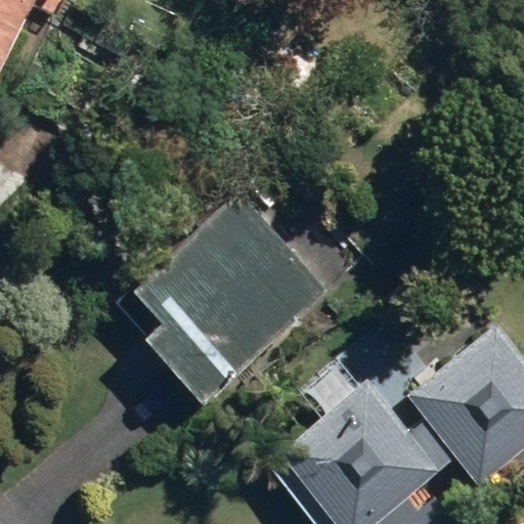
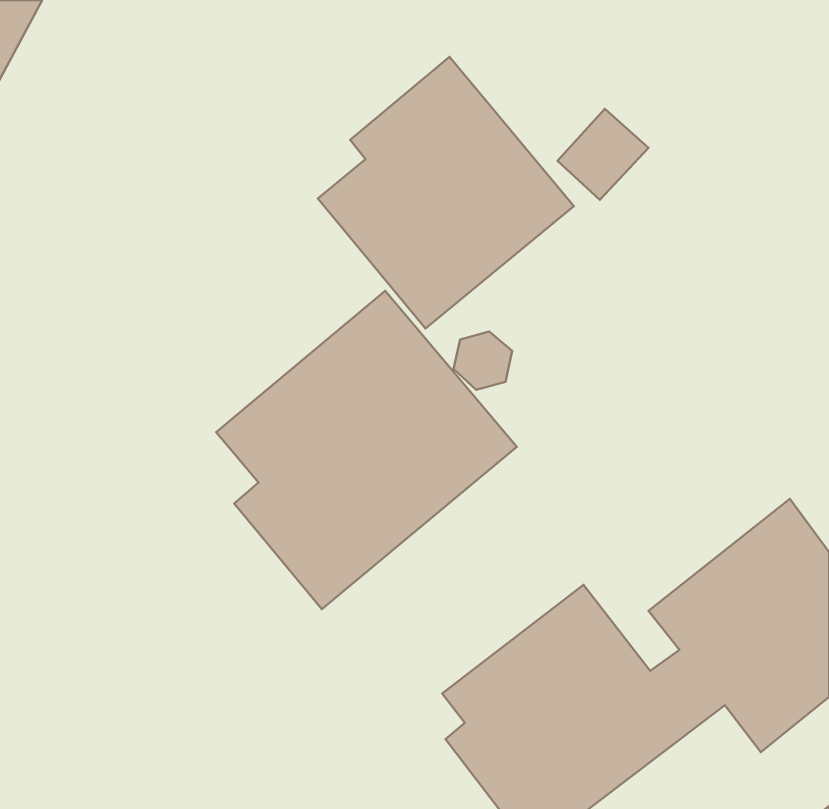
building: none -> [318,57,574,328]

